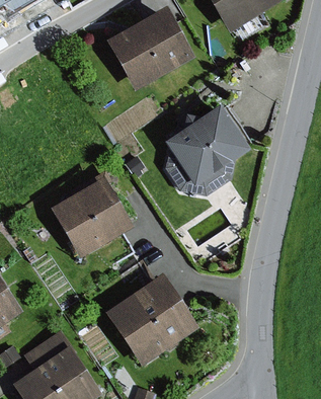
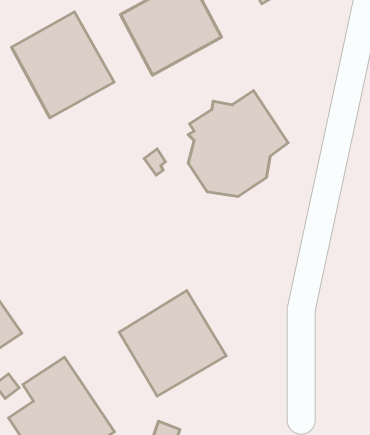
building: none -> [12,12,114,118]
building: [51,177,132,256] -> none

